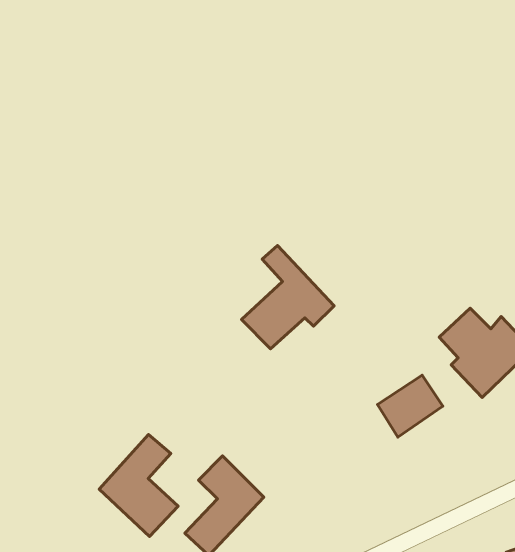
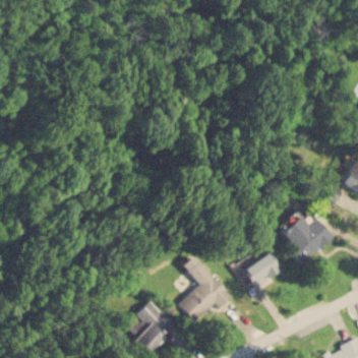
building: [241,246,334,349] -> [177,260,232,321]
building: [99,434,178,536] -> none

